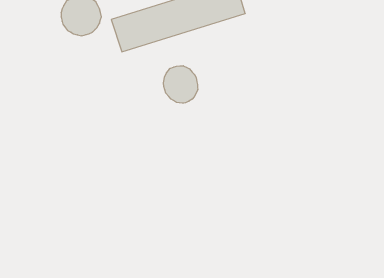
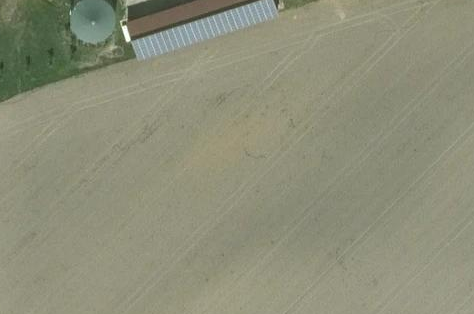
building: [163,66,198,103] -> none

